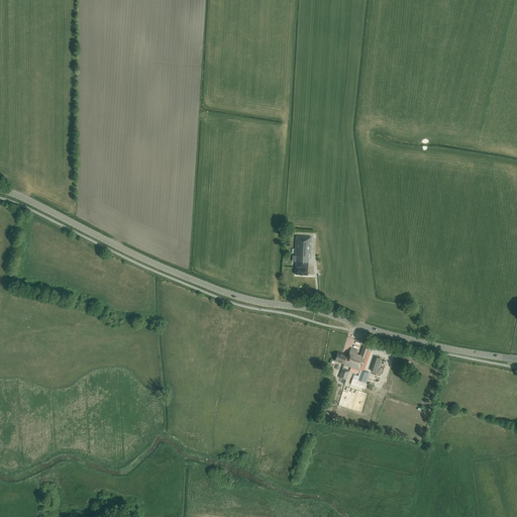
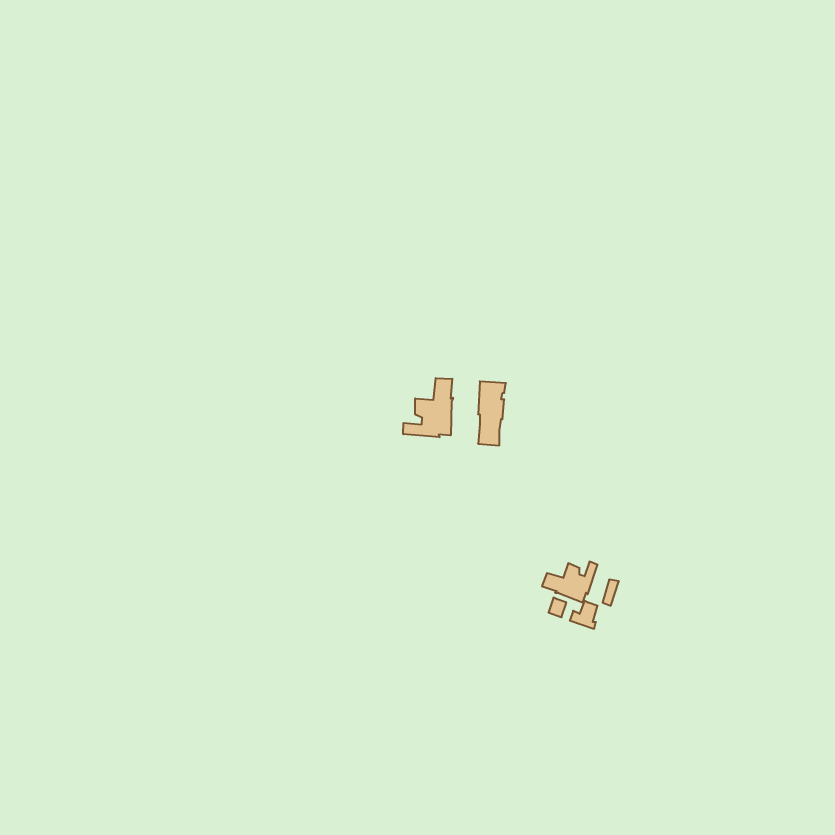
building: none -> [403,378,453,437]

